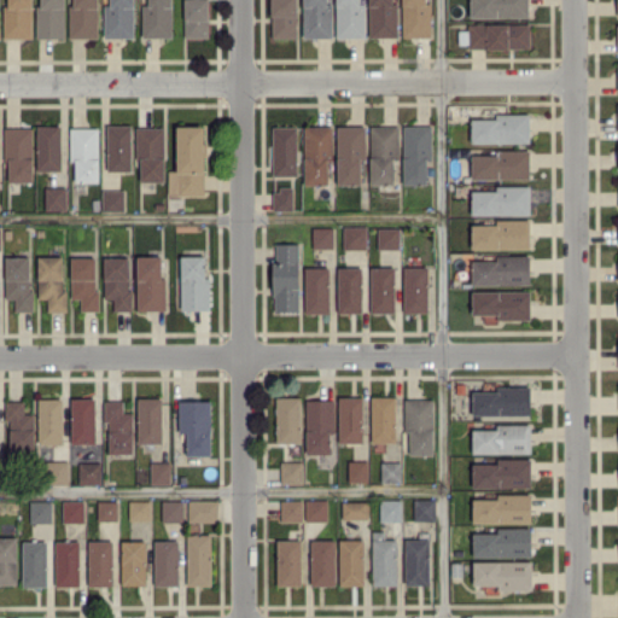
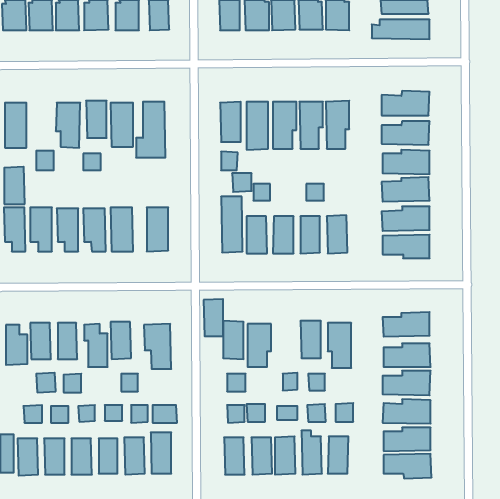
building: [36,126,62,171] -> [4,167,25,204]
building: [343,227,367,250] -> [232,173,252,192]
building: [338,397,362,443] -> [204,299,223,336]

